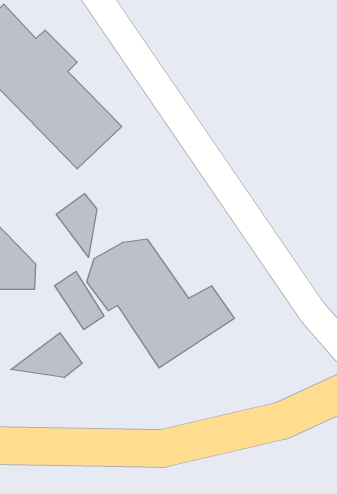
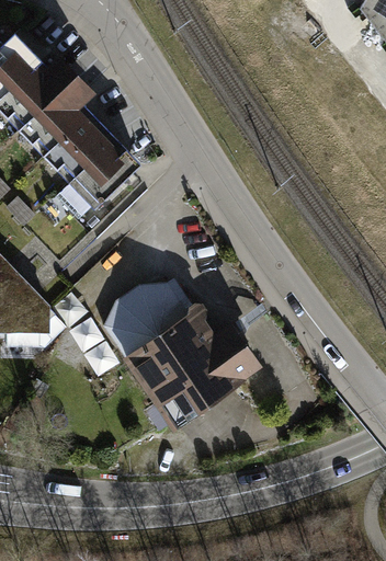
building: [56,194,97,257] -> none
building: [11,333,82,378] -> none

